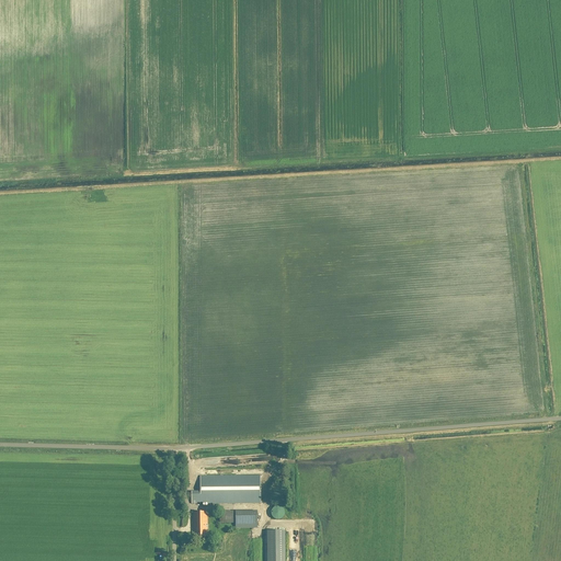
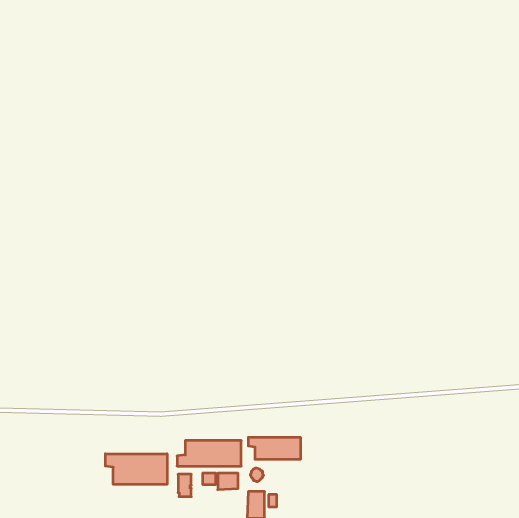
building: none -> [248,437,300,459]
building: none -> [105,454,167,484]

